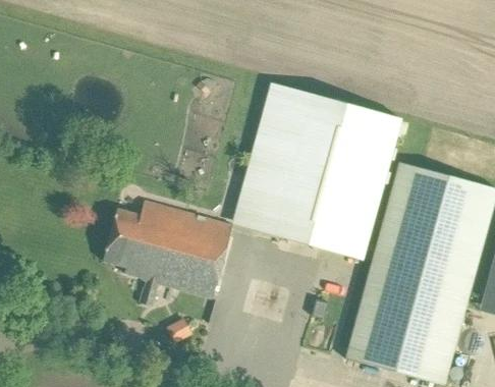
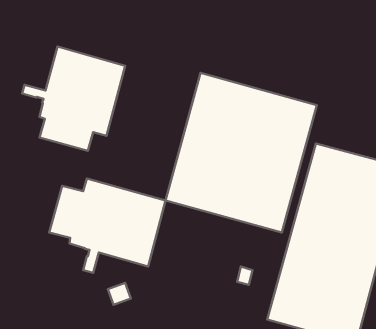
building: none -> [22,47,125,151]

